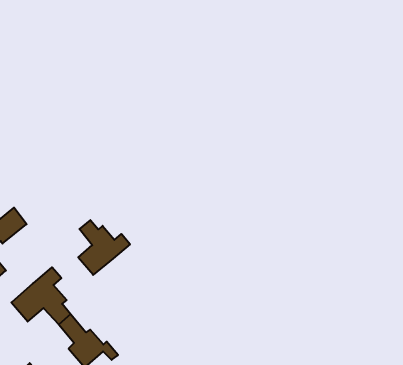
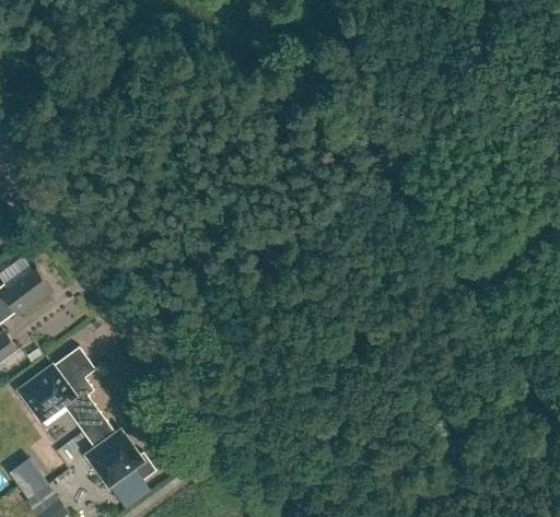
building: [78,220,130,275] -> none

